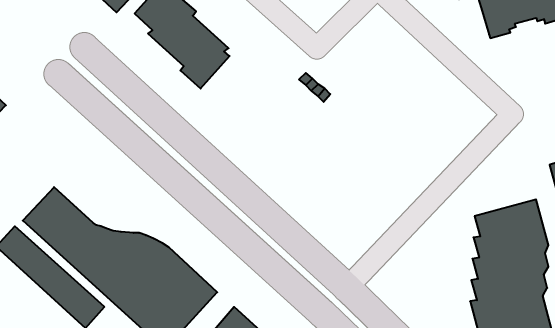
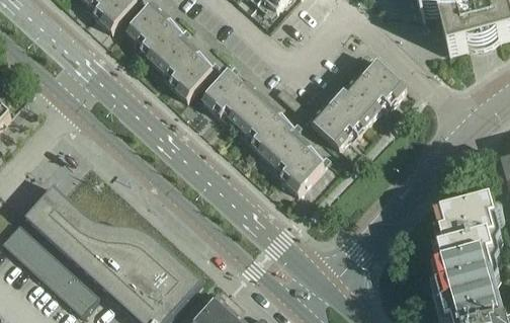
building: none -> [310,62,406,148]
building: none -> [201,71,323,193]

